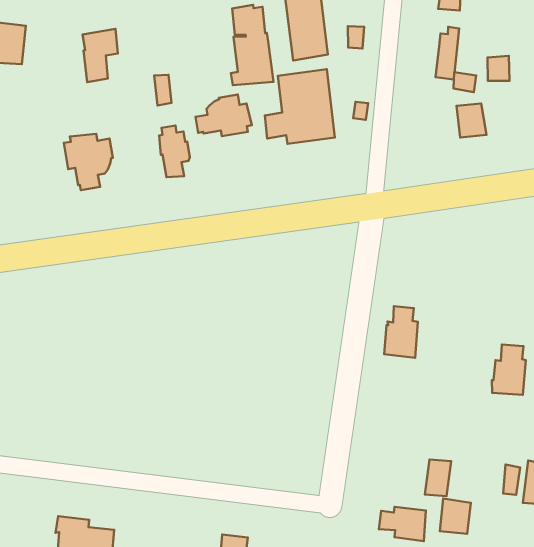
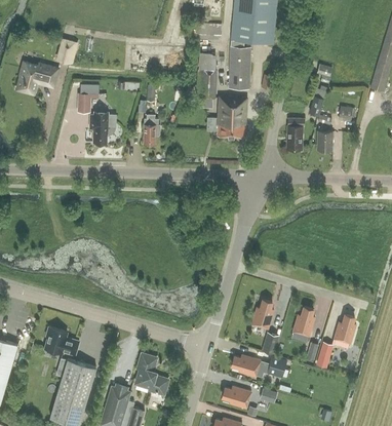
building: [83,29,118,82] -> [77,84,99,112]
building: none -> [285,118,302,150]
building: [195,95,252,136] -> none
building: [384,306,418,358] -> [250,299,273,331]
building: [492,345,526,395] -> [291,306,314,337]

